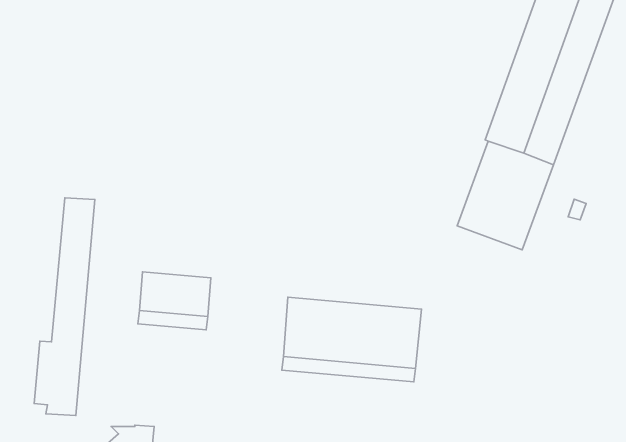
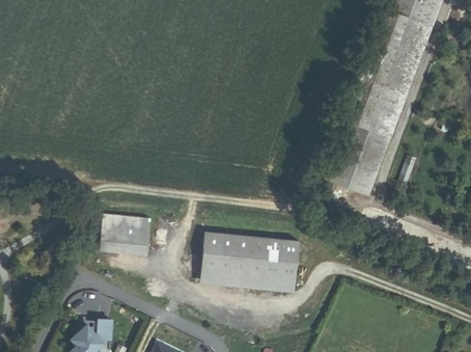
building: [34,198,95,416] -> none

